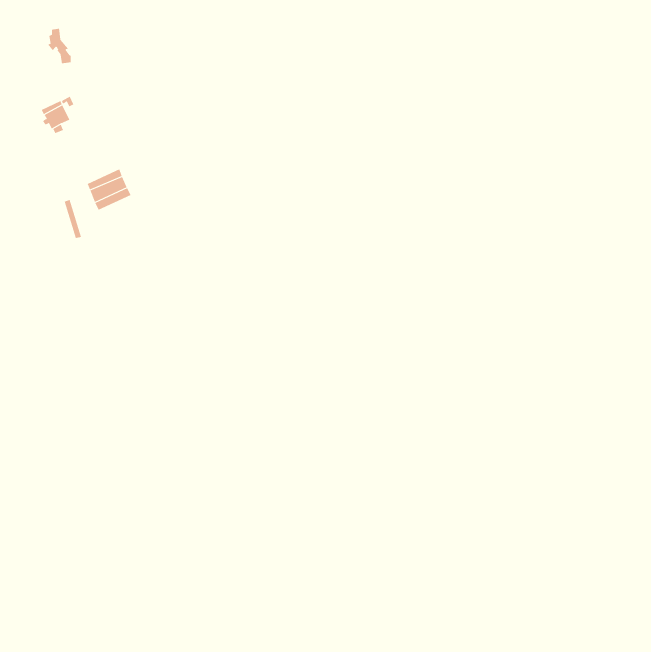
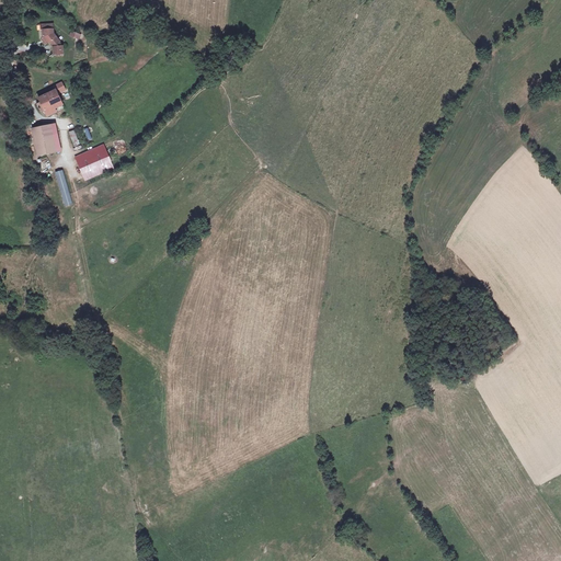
building: none -> [32,124,55,156]

